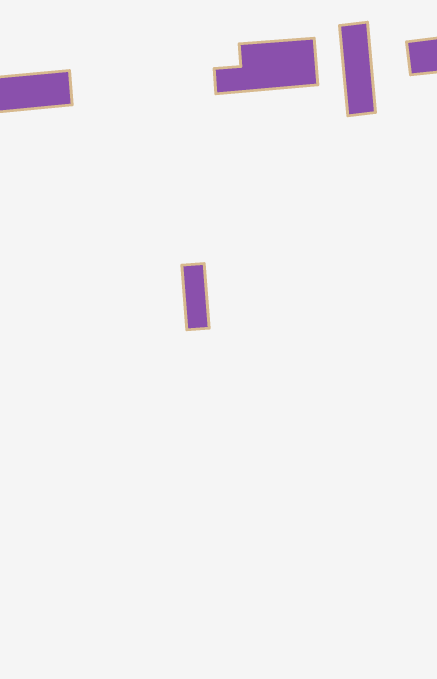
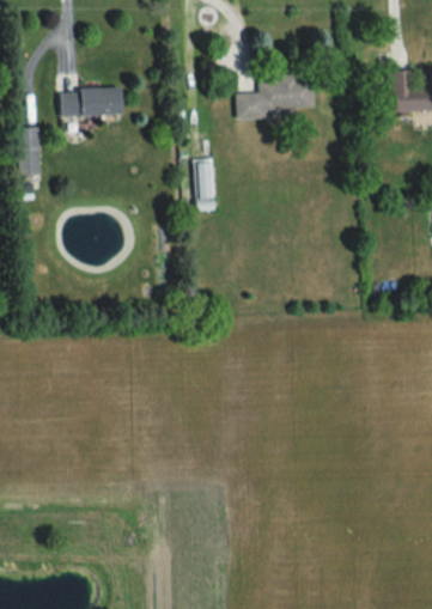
building: [340,22,376,116] -> none
building: [182,264,209,330] -> [196,159,214,211]

